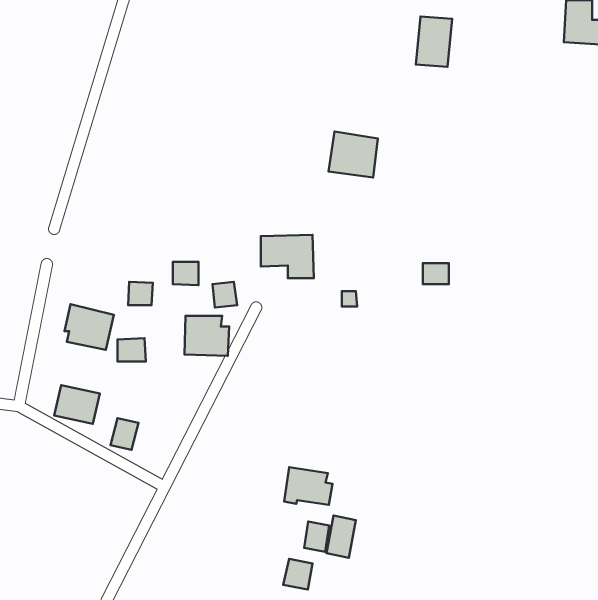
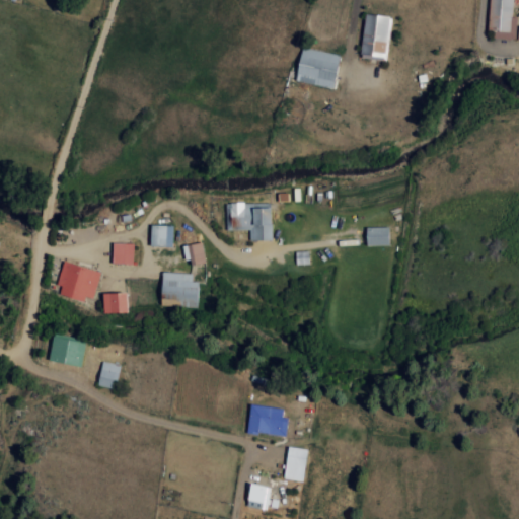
building: [328,132,378,177] -> [297,48,340,87]
building: [304,521,329,552] -> none

